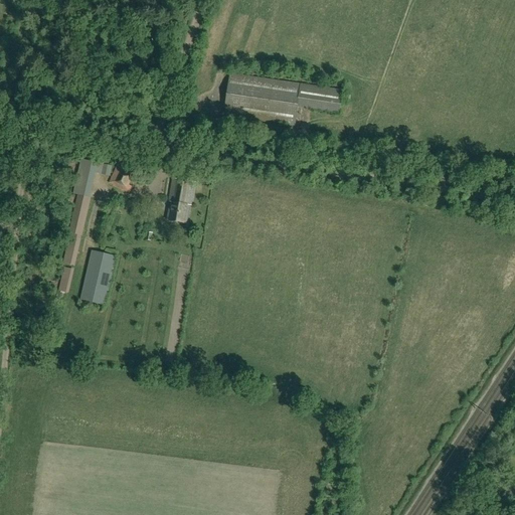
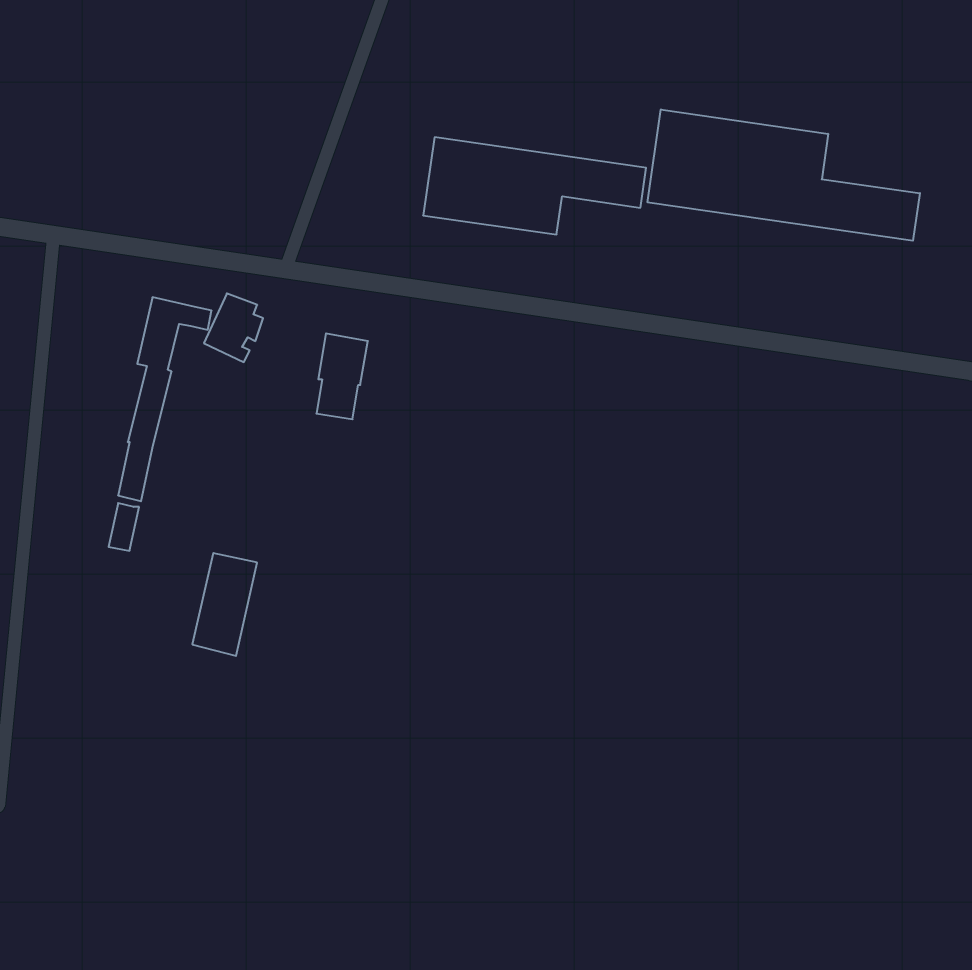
building: none -> [648,109,920,241]
building: [80,249,115,304] -> [192,553,257,656]

